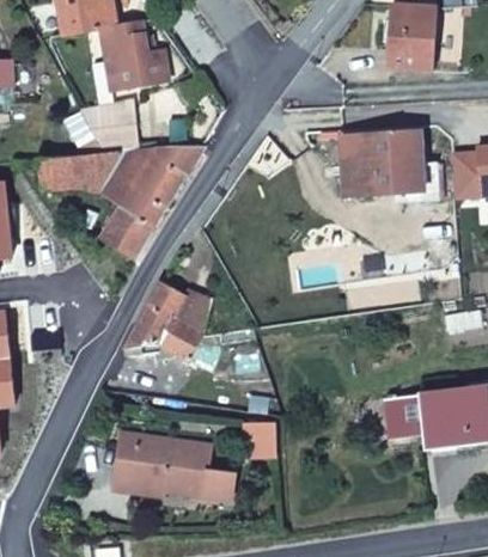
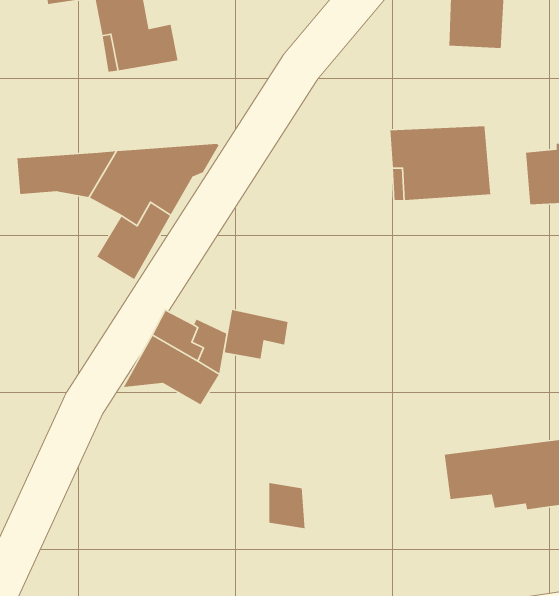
building: [78,100,135,153] -> none
building: none -> [224,309,289,359]
building: [114,431,232,498] -> none

